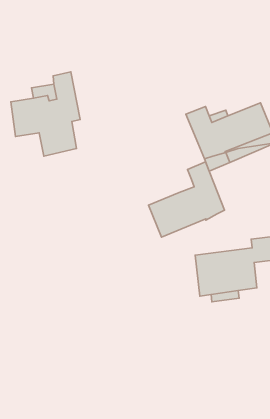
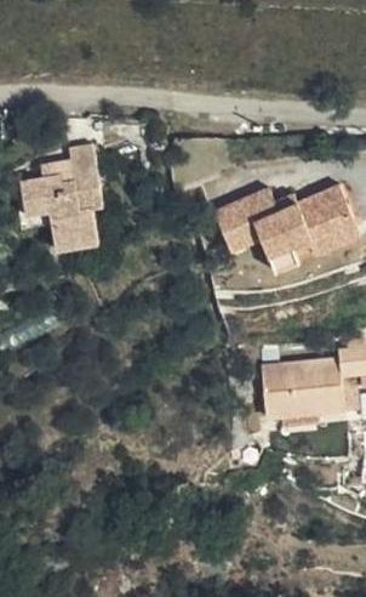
building: none -> [217,197,262,246]
building: [149,162,225,237] -> none

